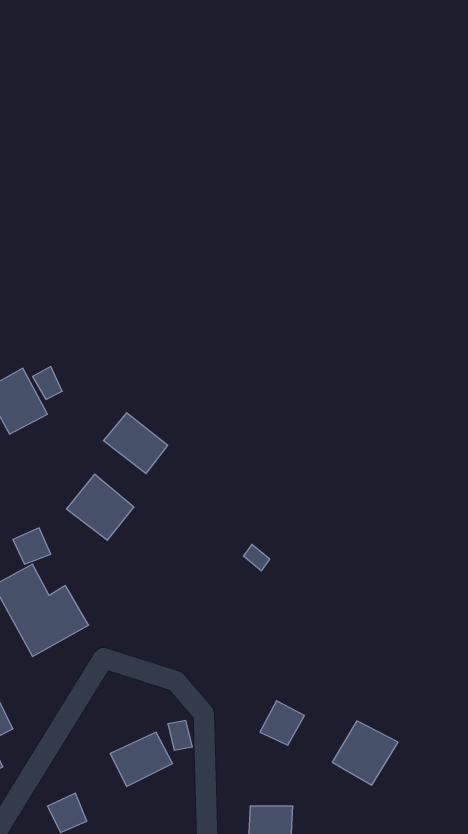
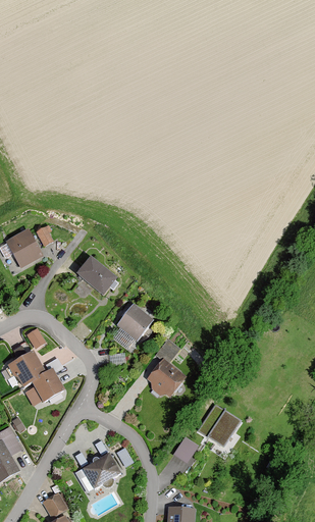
building: [66,474,134,540] -> [114,303,156,344]
building: none -> [145,358,186,399]
building: [332,721,398,785] -> [200,407,241,447]

